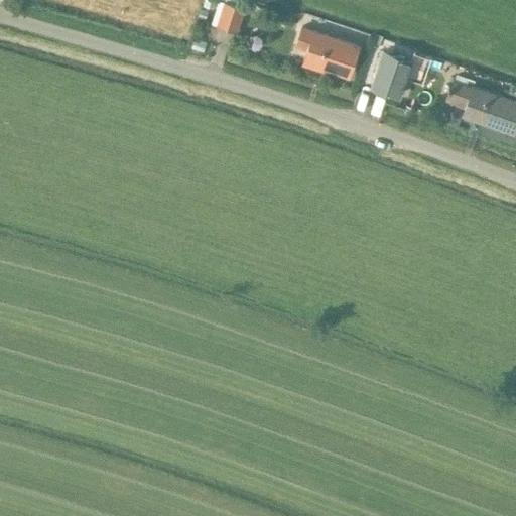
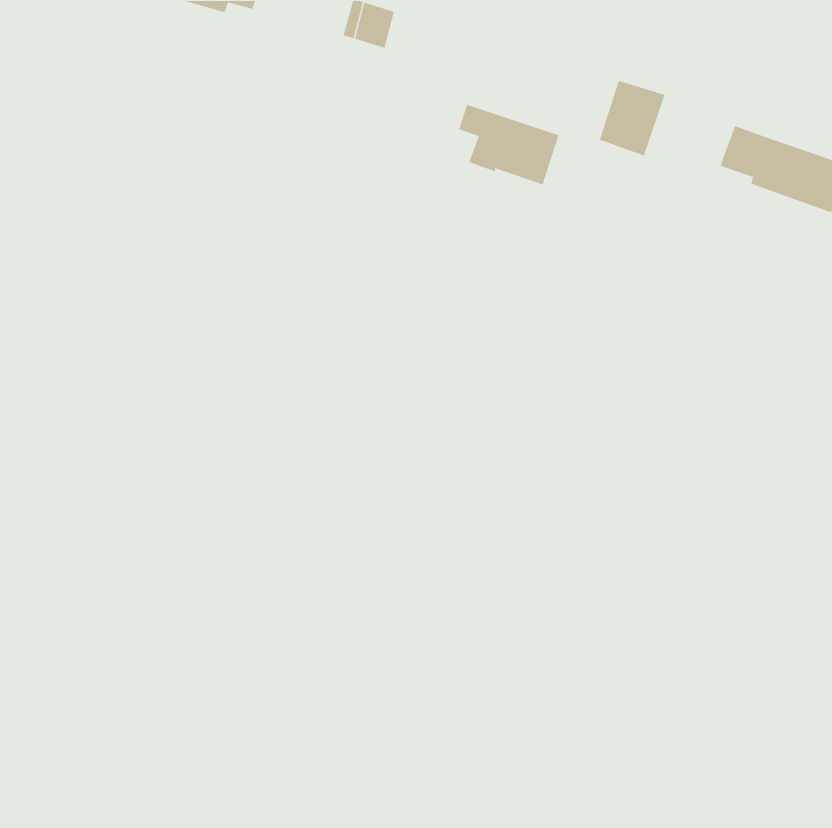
building: [298,28,361,79] -> [458,104,559,185]

